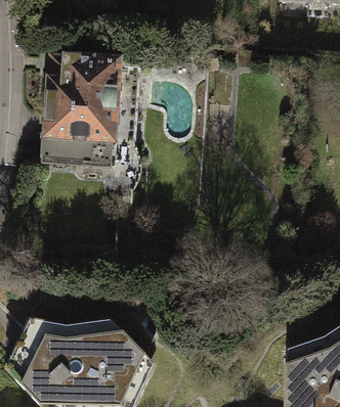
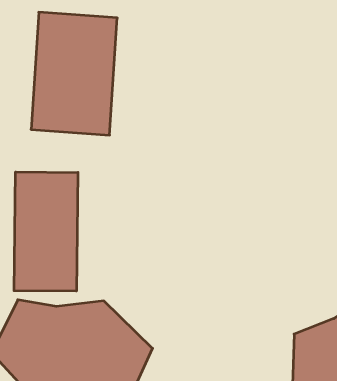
building: none -> [14,172,78,291]

